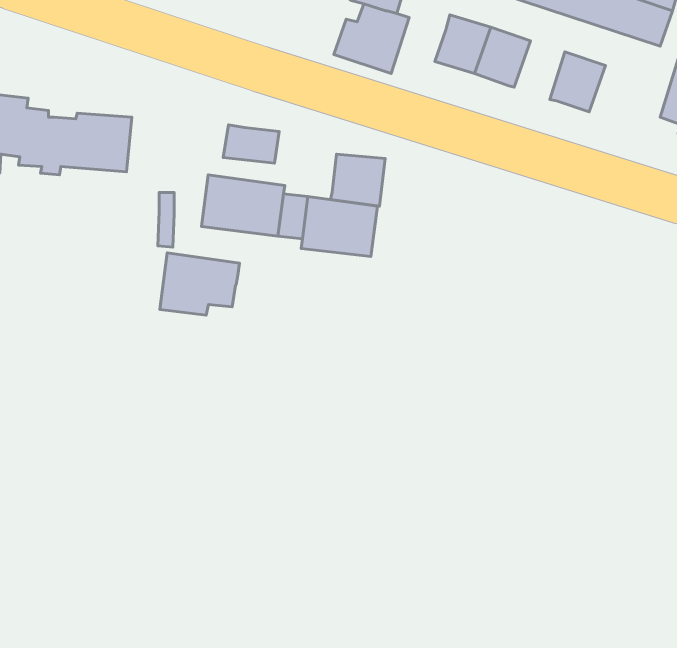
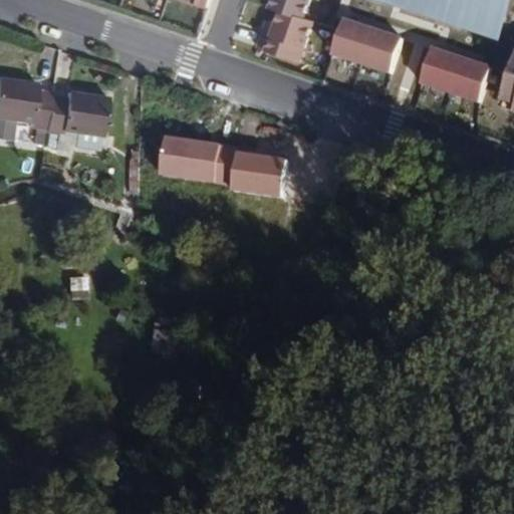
building: none -> [444,55,485,99]
building: [223,125,279,163] -> none
building: [330,154,385,206] -> none
building: [160,253,239,315] -> none

